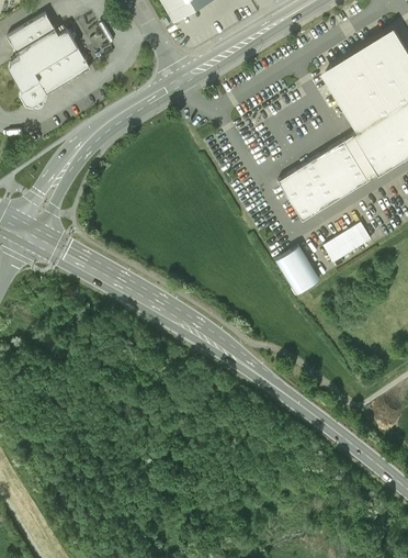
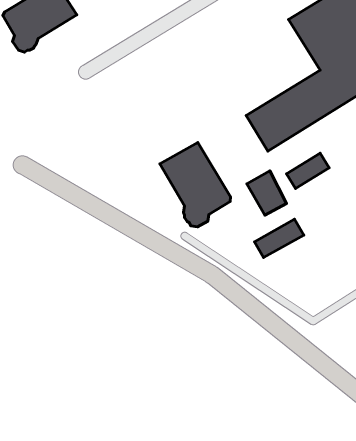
building: none -> [160,143,230,227]
building: none -> [254,219,304,258]

